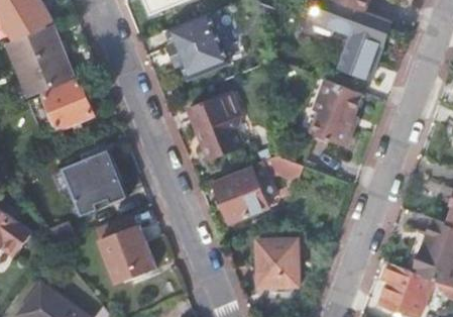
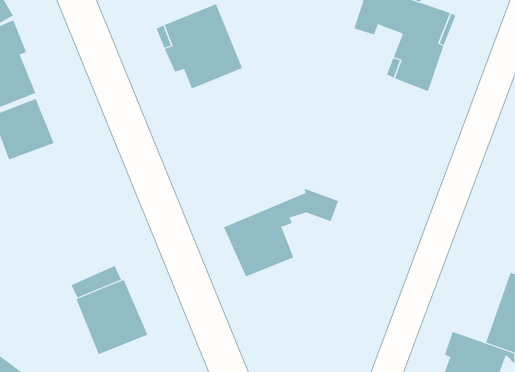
building: [313,80,362,147] -> none
building: [189,93,241,161] -> none
building: [64,150,126,215] -> none
building: [257,239,299,288] -> none

